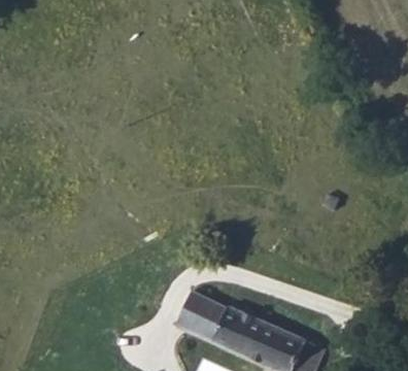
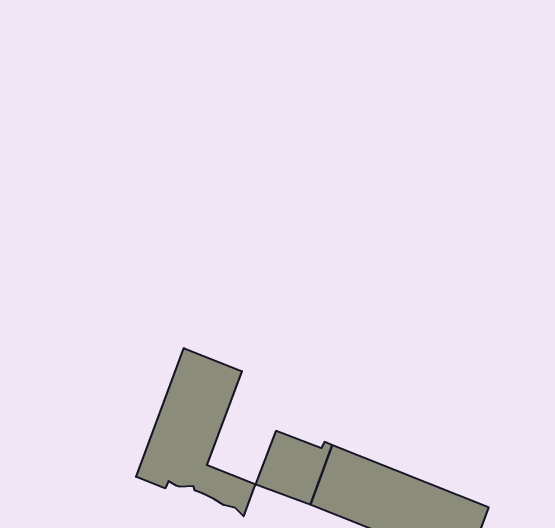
building: none -> [136,348,256,516]

